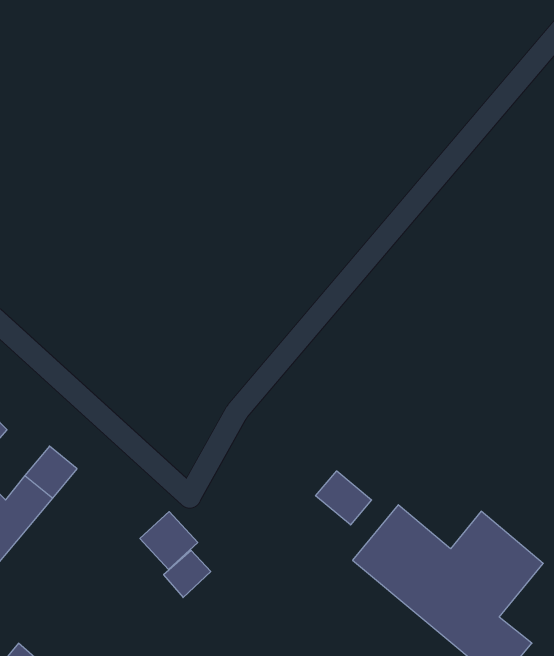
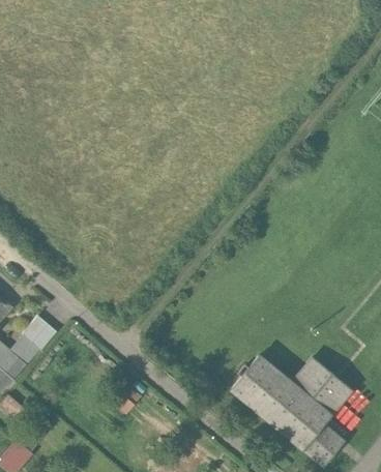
building: [316,471,372,525] -> none
building: [140,512,198,569] -> none

